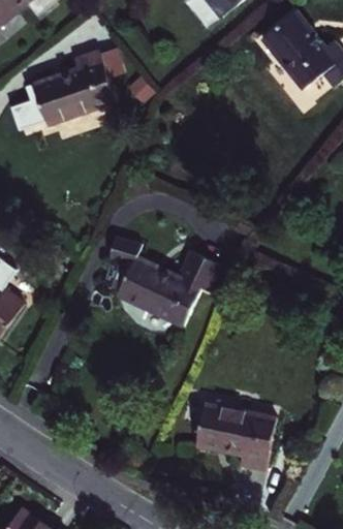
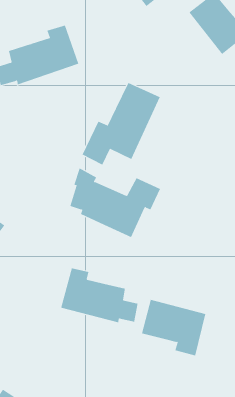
building: none -> [82,82,160,165]
building: none -> [61,268,138,323]

